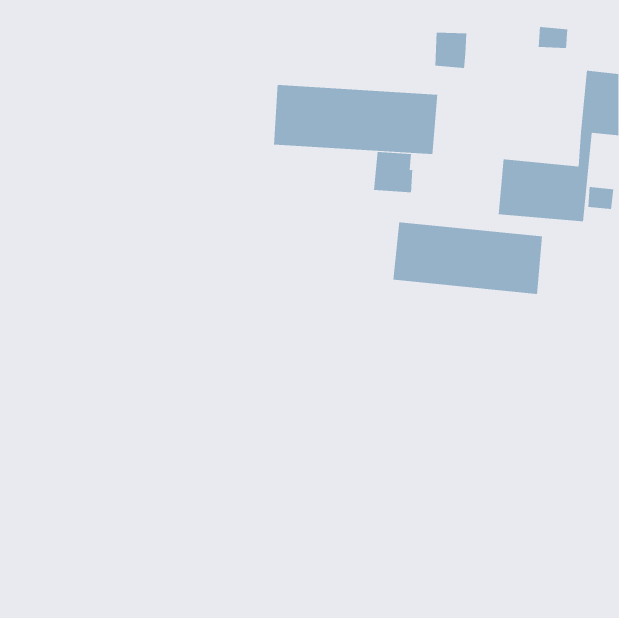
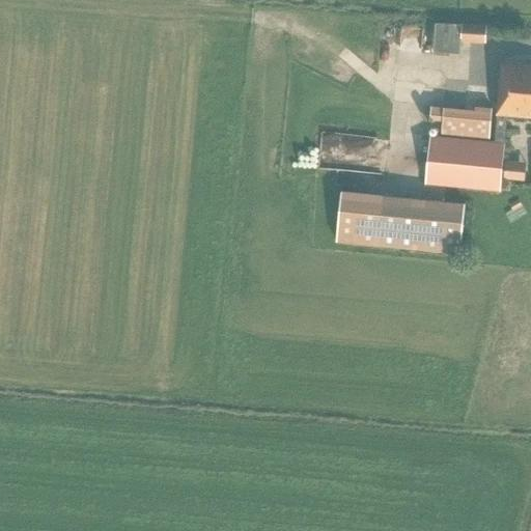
building: [435,32,467,68] -> [434,22,462,53]
building: [274,84,438,155] -> none
building: none -> [441,105,492,138]

